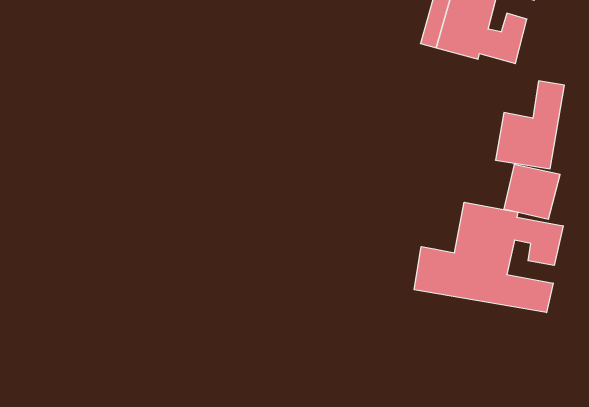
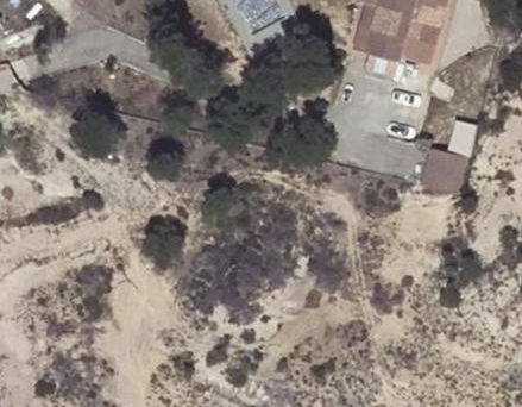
building: [414,202,563,313] -> none

